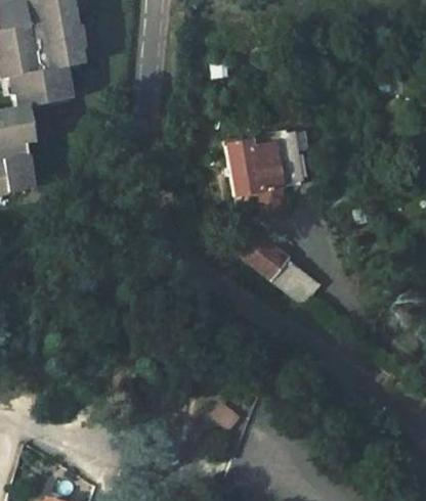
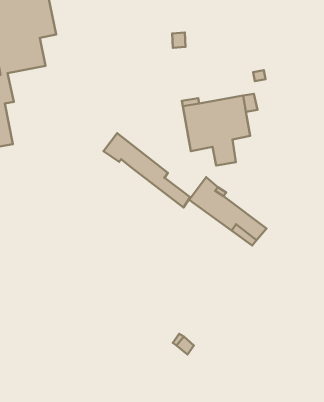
building: none -> [104,133,190,207]

